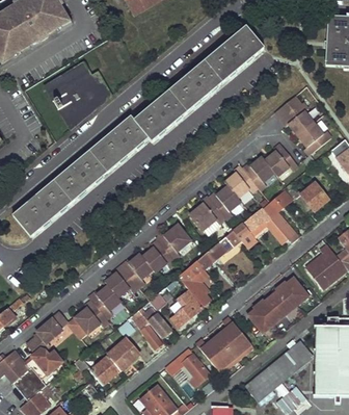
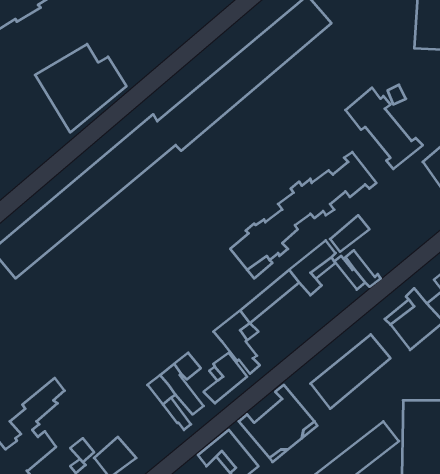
building: [294,182,328,213] -> none
building: [74,224,189,333] -> none
building: [106,337,138,369] -> none

